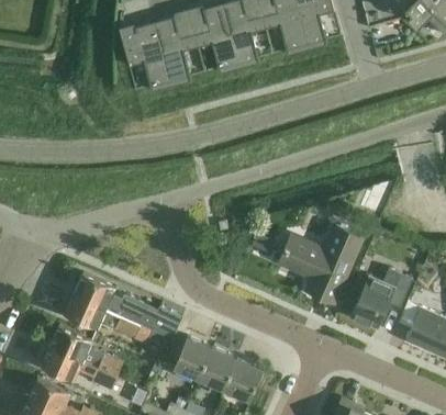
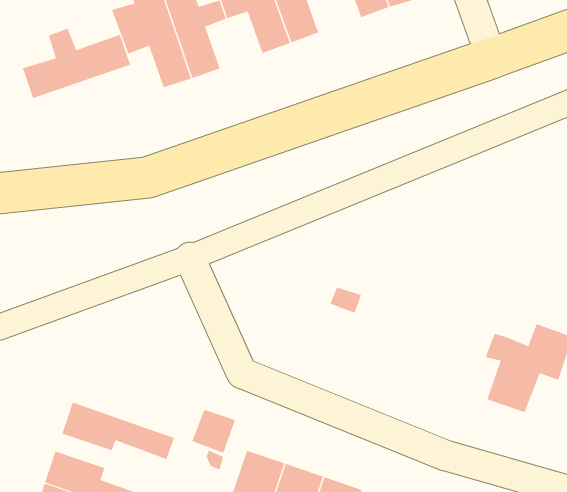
building: none -> [22,28,131,99]
building: [279,226,361,302] -> none
building: [73,274,145,325] -> none

